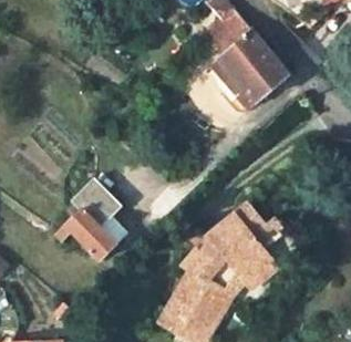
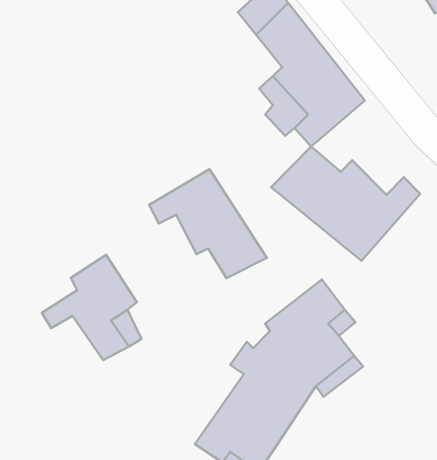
building: none -> [271,146,420,261]
building: none -> [149,169,267,278]

